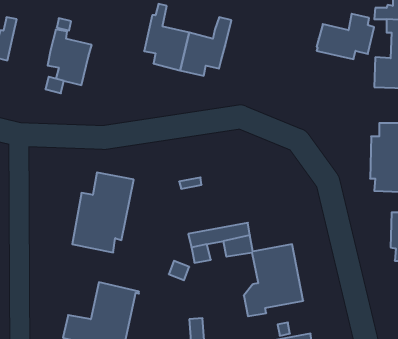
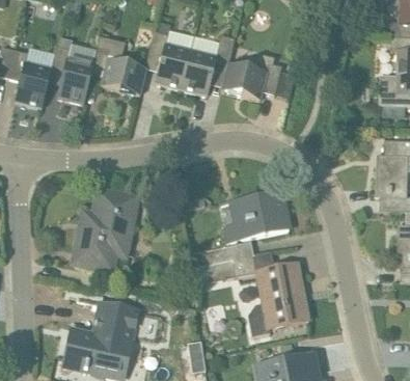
building: [317,14,374,59] -> [223,52,281,98]
building: none -> [91,30,156,94]
building: none -> [9,50,53,106]
building: none -> [223,189,290,241]

